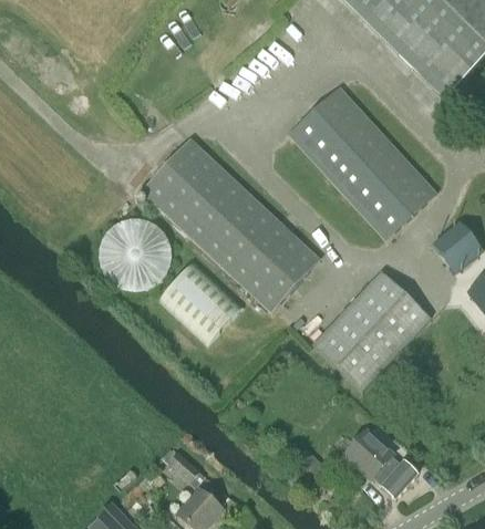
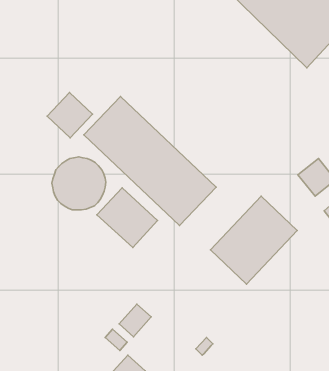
building: [290,87,436,239] -> none
building: none -> [47,93,92,138]
building: none -> [119,304,151,337]
building: [342,425,420,498] -> none

